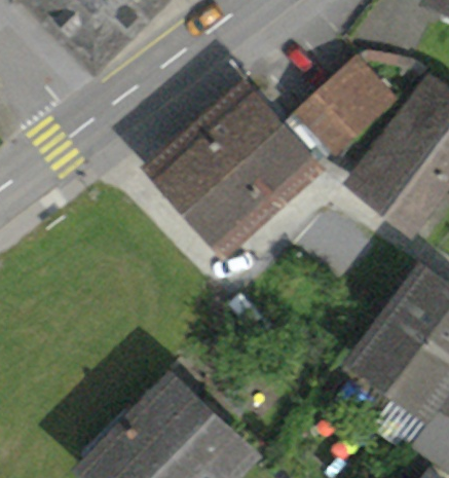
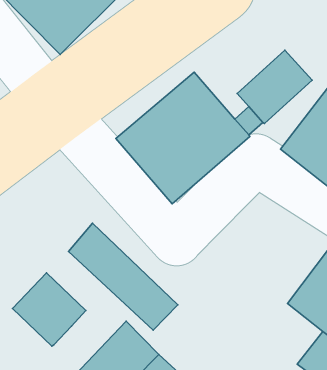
building: none -> [69,223,178,330]
building: none -> [13,273,86,346]

